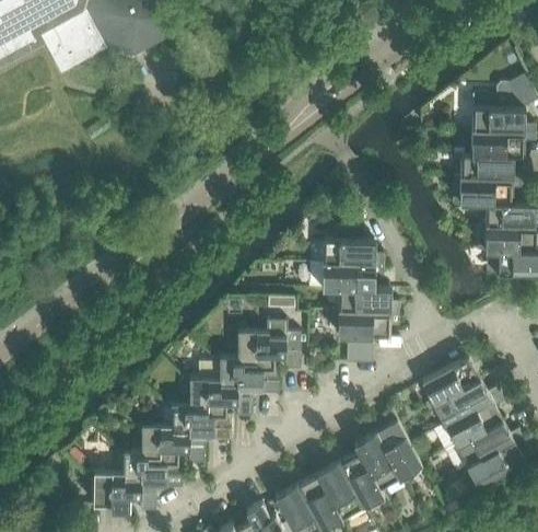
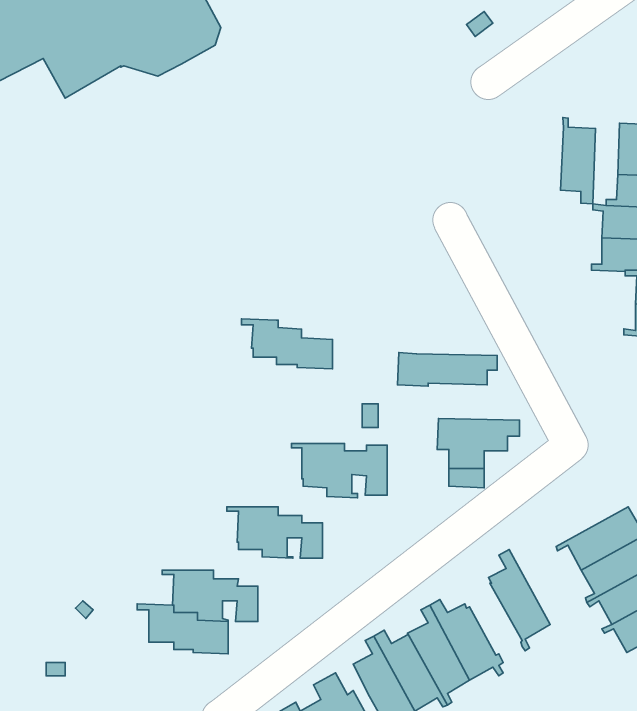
building: none -> [560,118,595,204]
building: [321,227,383,266] -> none
building: [330,287,398,314] -> none
building: [421,352,481,408] -> none
building: [210,357,278,394] -> [241,319,332,369]
building: [162,404,230,441] -> none
building: [353,423,400,489] -> none
building: [84,473,155,511] -> none

